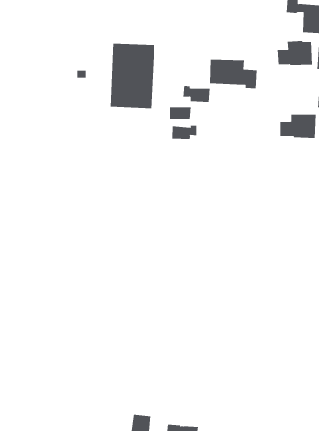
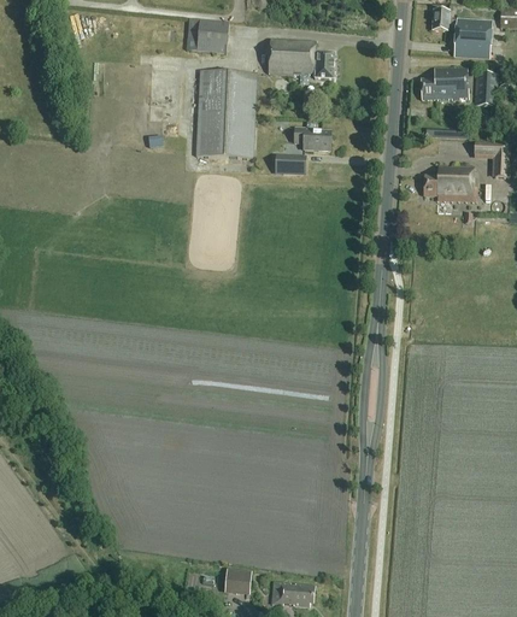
building: none -> [186,18,228,54]
building: [209,59,258,89] -> [268,40,333,80]
building: [172,125,197,140] -> none

